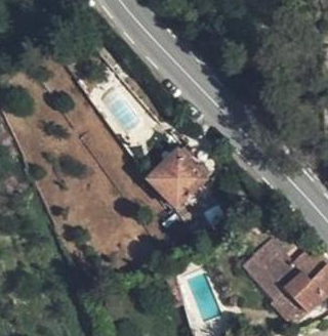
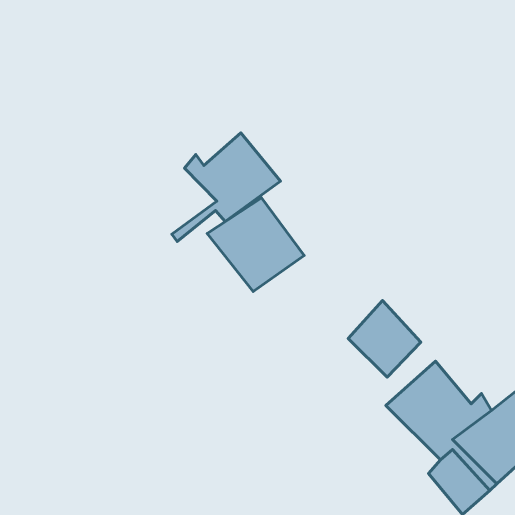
building: none -> [172,133,280,241]
building: none -> [348,301,421,377]

